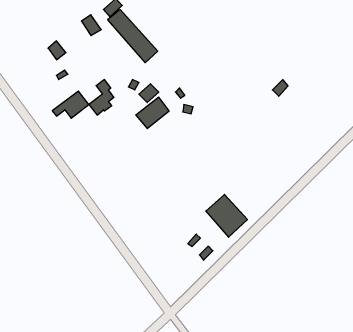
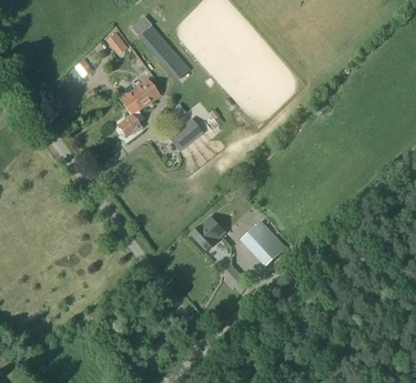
building: [52,91,89,118] -> [120,79,159,108]
building: none -> [191,216,224,250]

